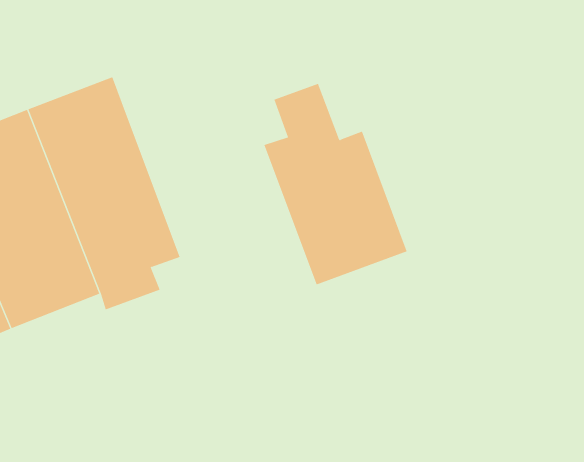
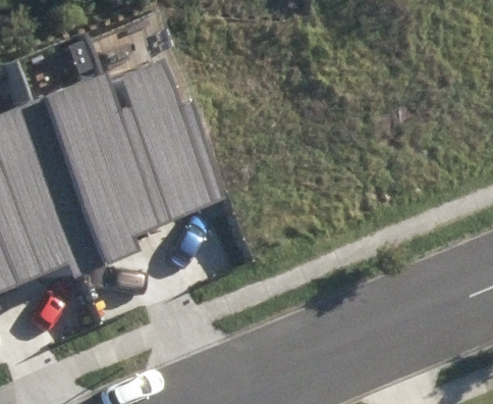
building: [263,83,408,285] -> [114,60,231,224]

